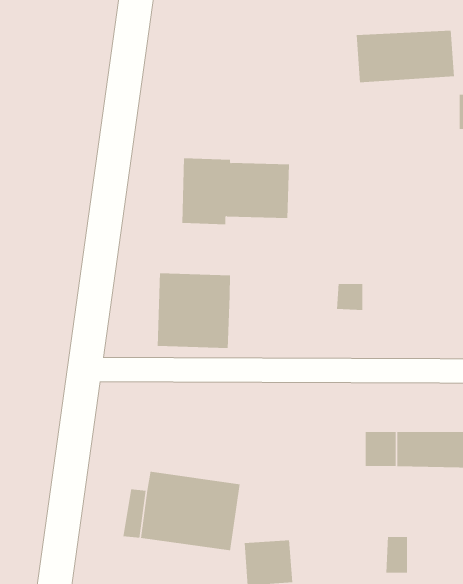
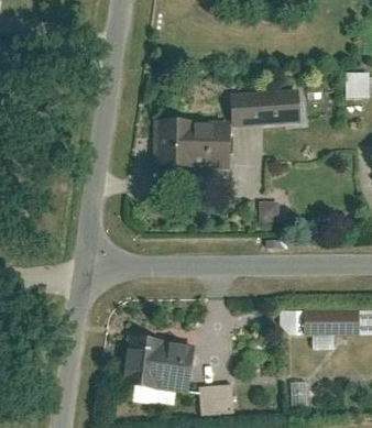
building: [356,30,455,83] -> [231,90,299,127]
building: [157,272,231,349] -> none

